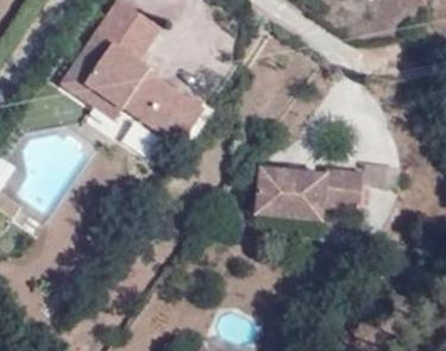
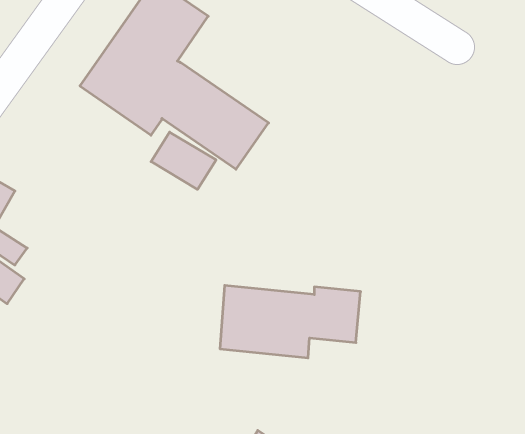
building: [253,165,362,221] -> [220,285,361,358]

